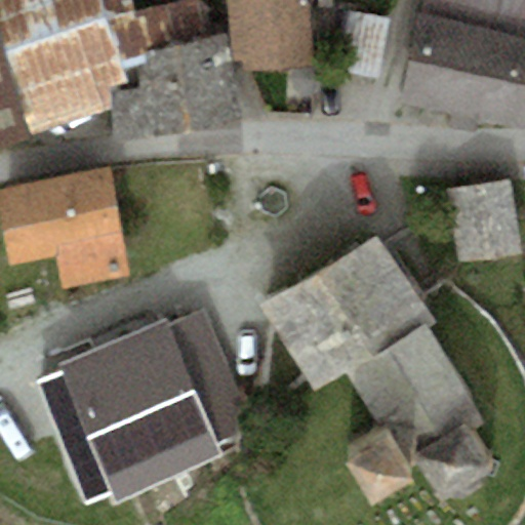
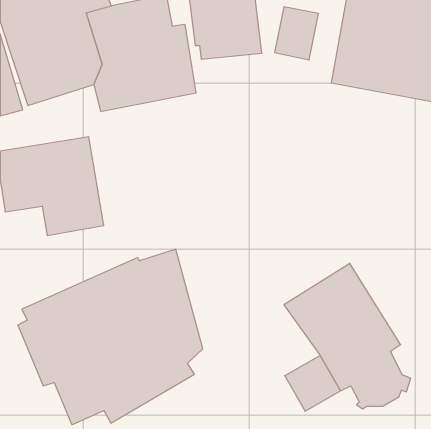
building: [446,177,520,257] -> none
building: [262,232,427,381] -> none

